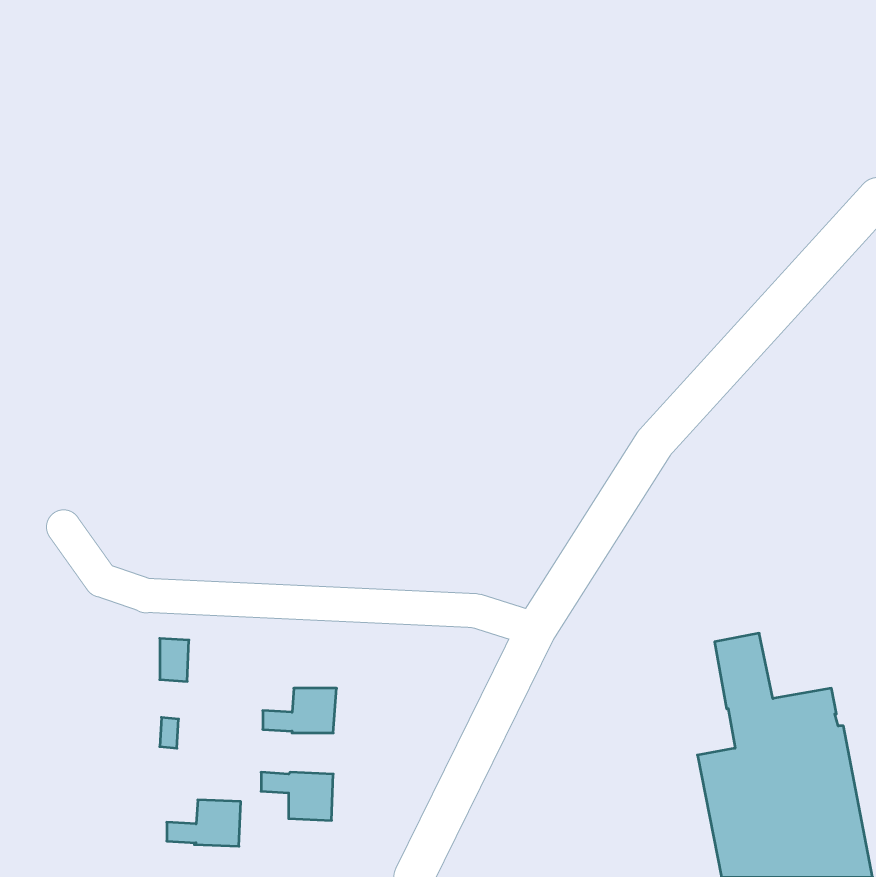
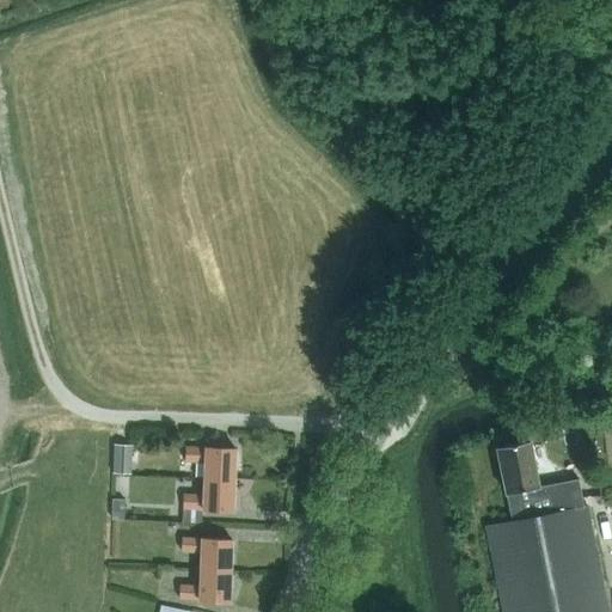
building: none -> [185,447,237,479]
building: [167,800,241,846] -> [180,570,232,602]

